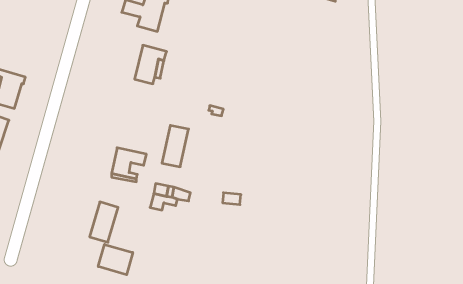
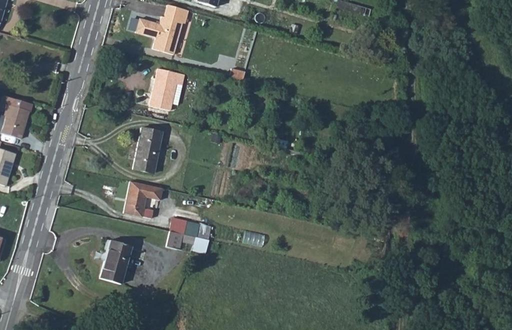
building: [162,125,189,167] -> [134,127,163,172]
building: [98,244,133,275] -> none

